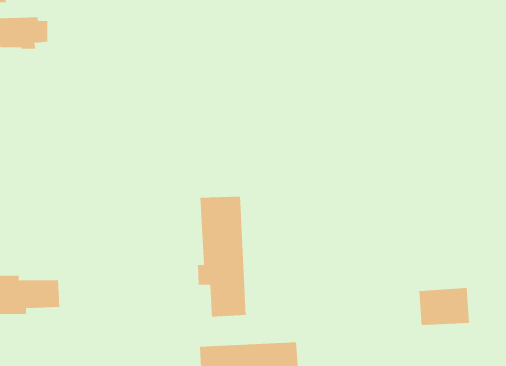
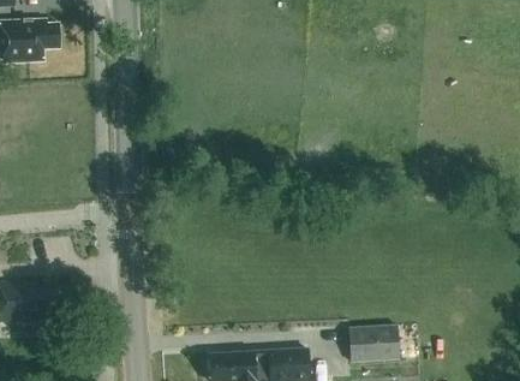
building: [198,196,246,318] -> none
building: [419,287,470,325] -> [347,325,399,363]

